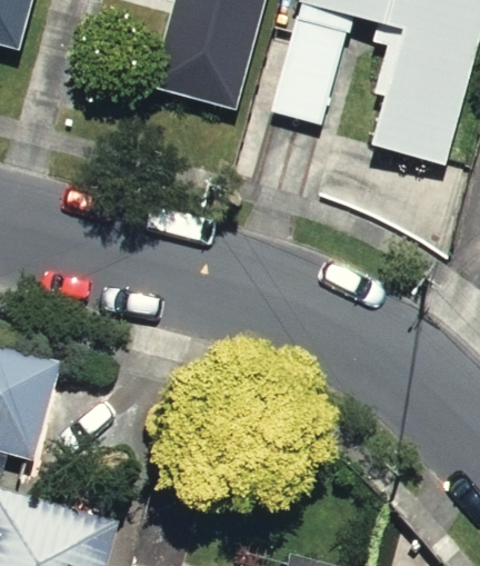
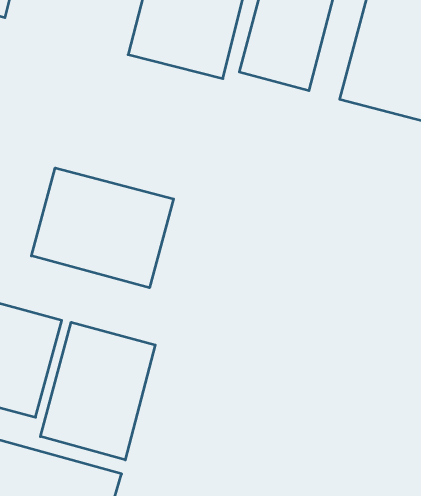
building: none -> [31,168,174,288]
building: none -> [40,322,155,460]

